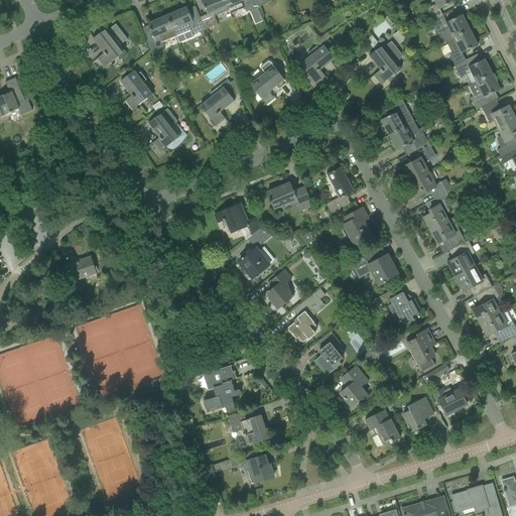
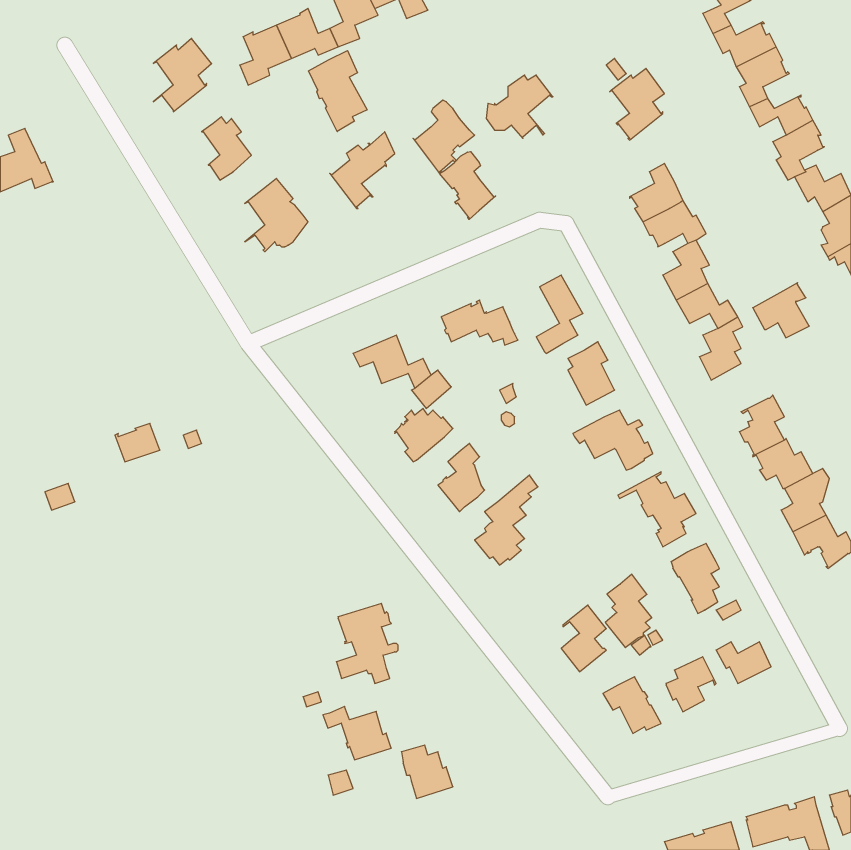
building: none -> [308,51,367,132]
building: none -> [440,152,496,219]
building: [430,215,465,248] -> [753,283,809,338]
building: [314,331,343,375] -> [605,574,652,648]
building: [229,411,270,443] -> [323,706,391,760]

